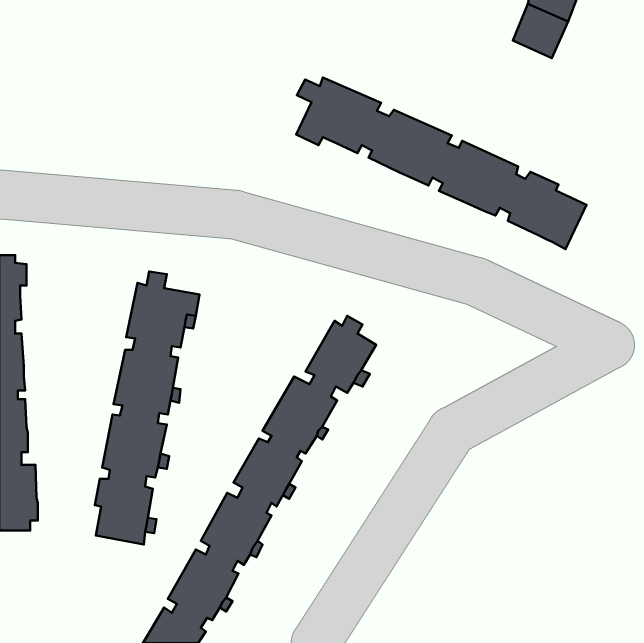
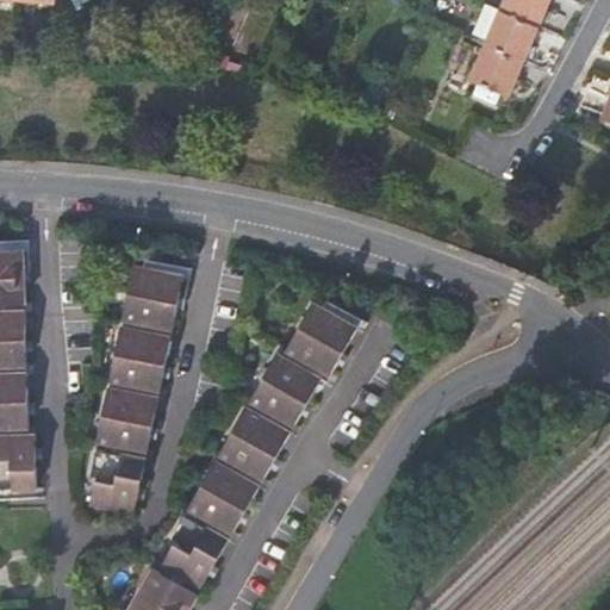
building: none -> [469,38,521,88]
building: [296,78,586,249] -> none

